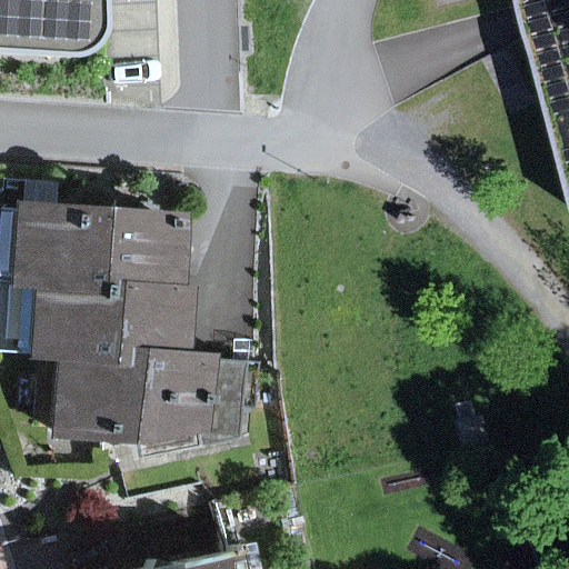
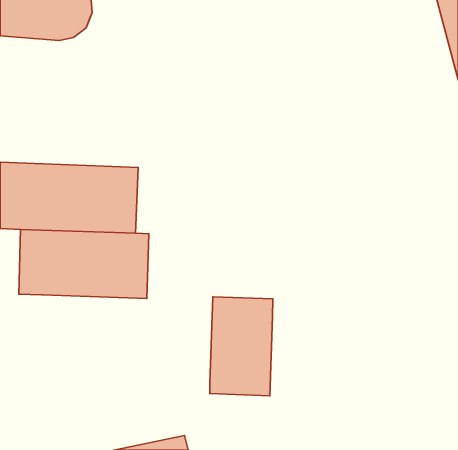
building: [49,366,209,450] -> none
building: none -> [210,297,273,396]

